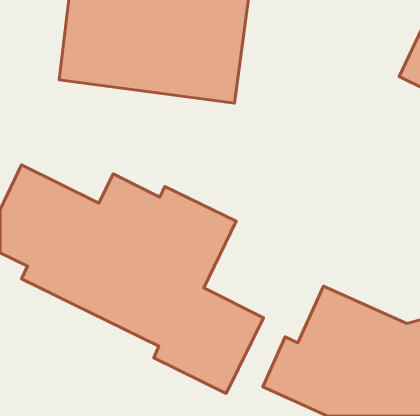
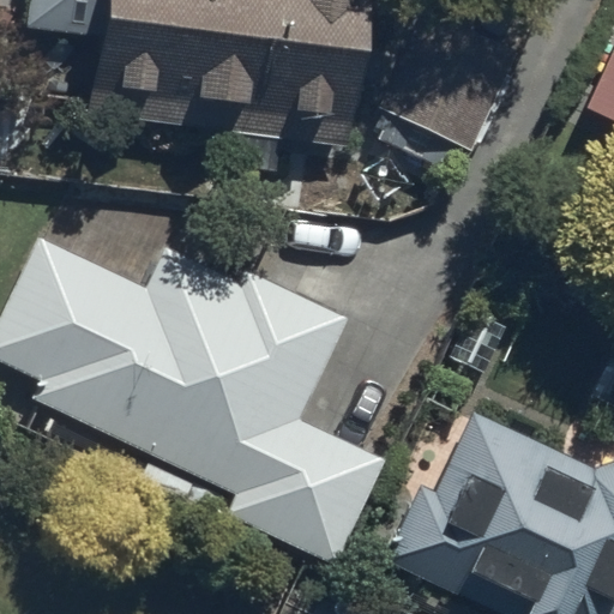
building: none -> [372,16,514,168]

